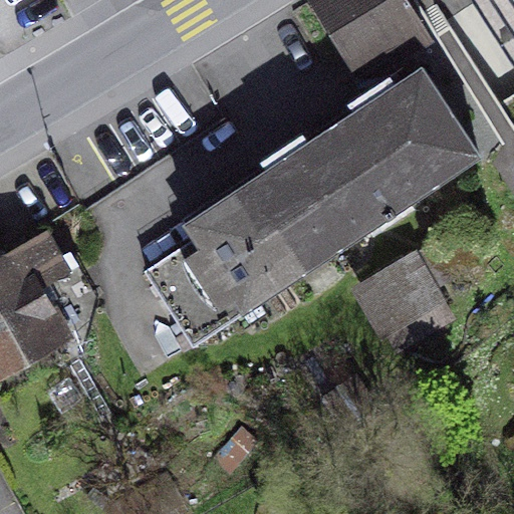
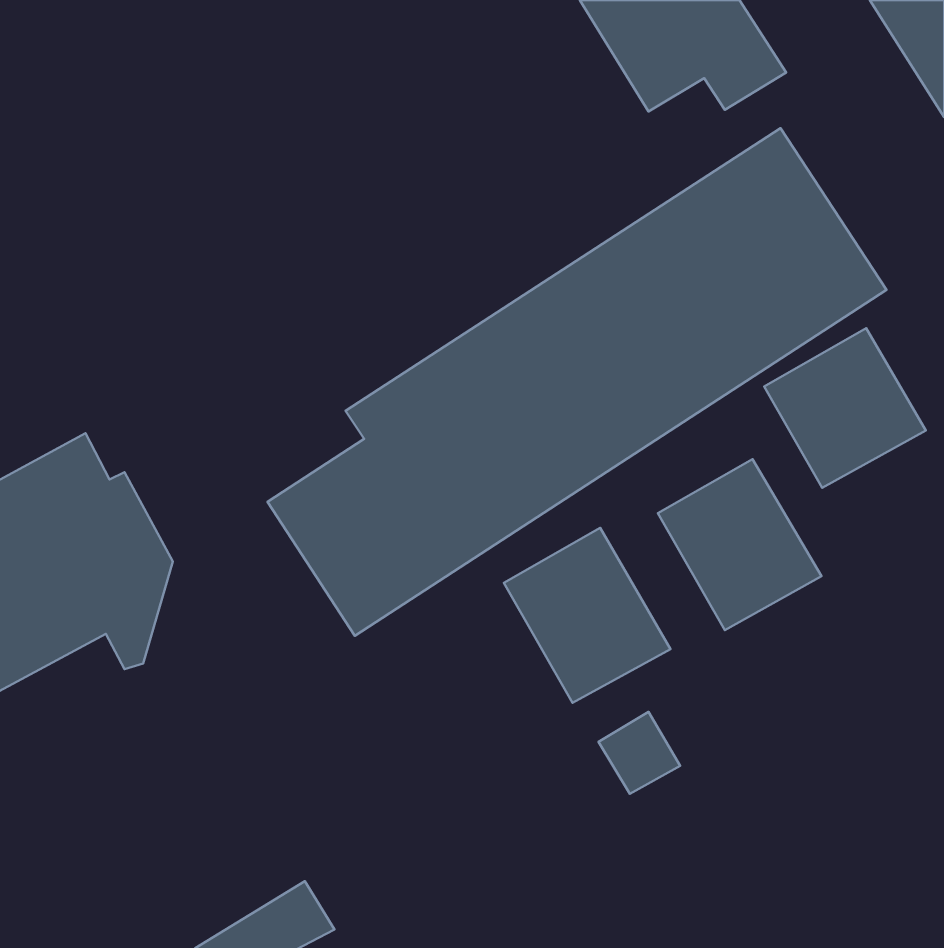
building: none -> [764,328,926,488]
building: none -> [504,528,670,703]

